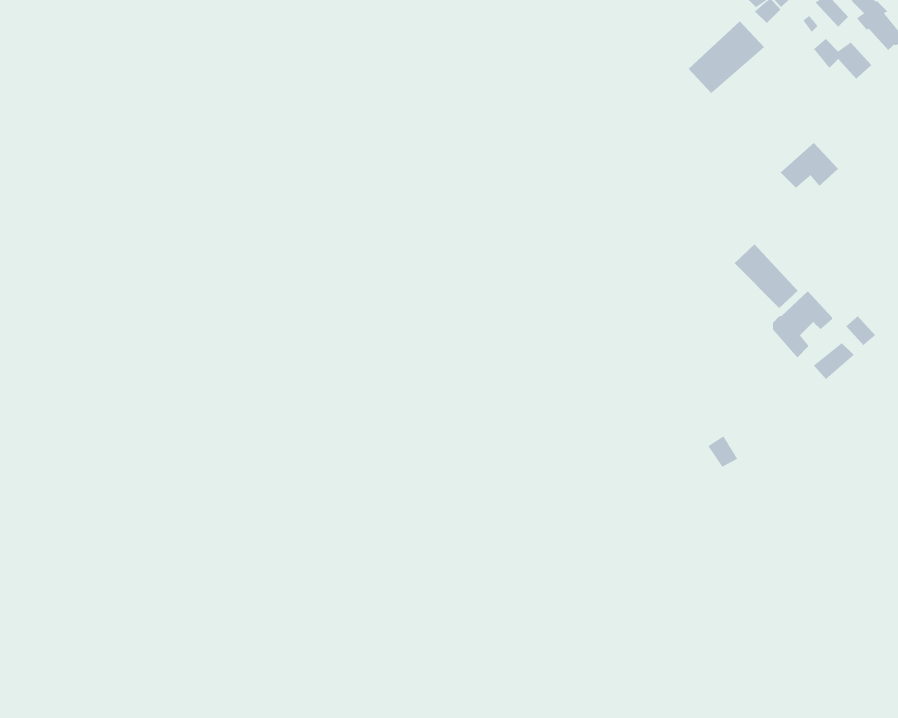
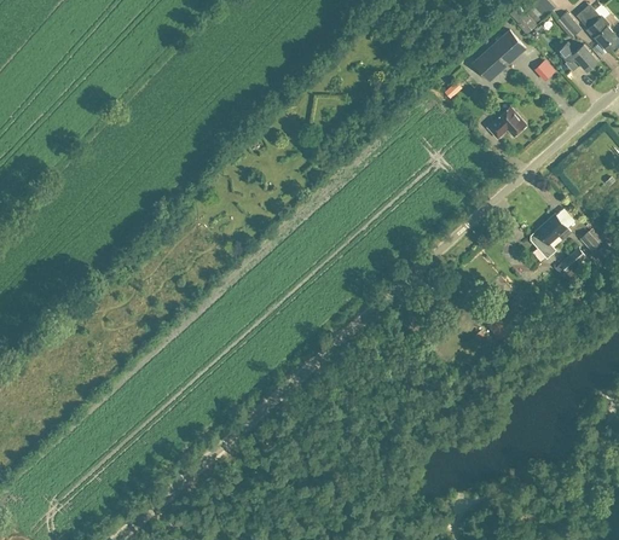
building: [780,142,839,189] -> [486,106,526,138]
building: [734,244,799,309] -> none

